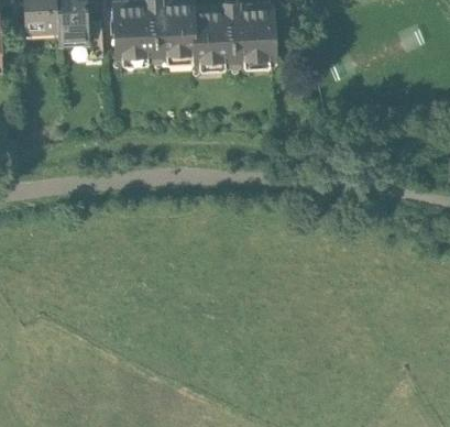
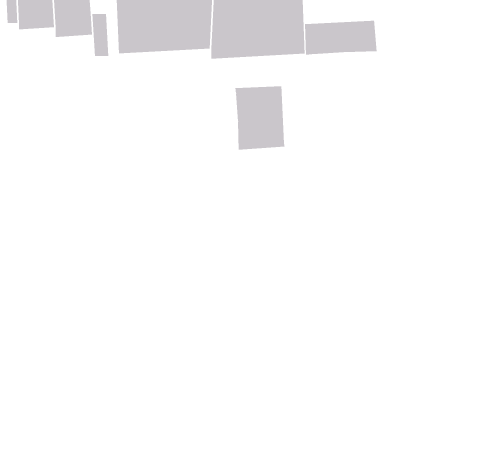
building: none -> [304,20,377,56]
building: none -> [235,85,285,150]

